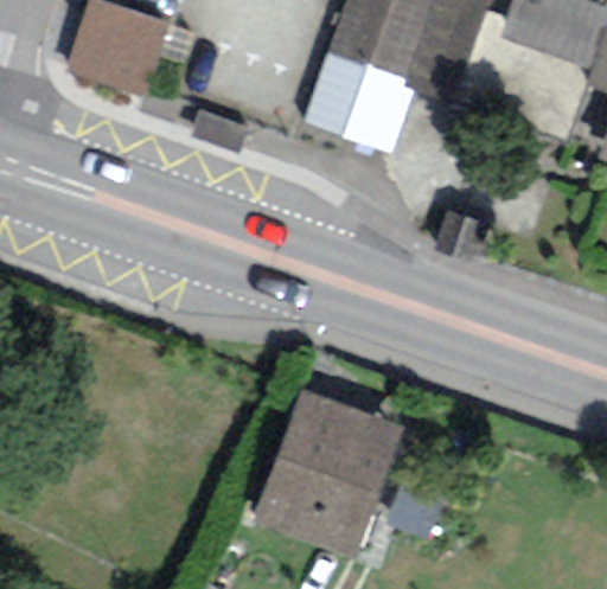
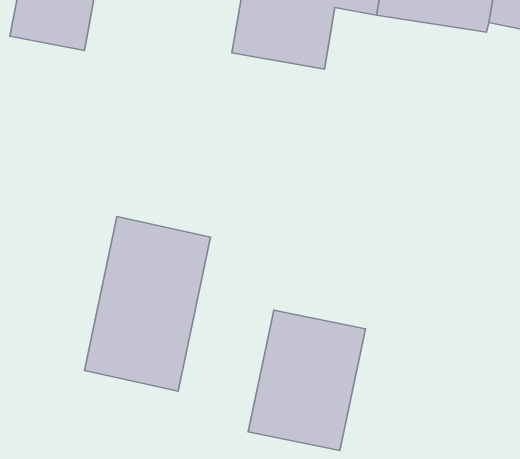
building: none -> [84,216,211,391]

